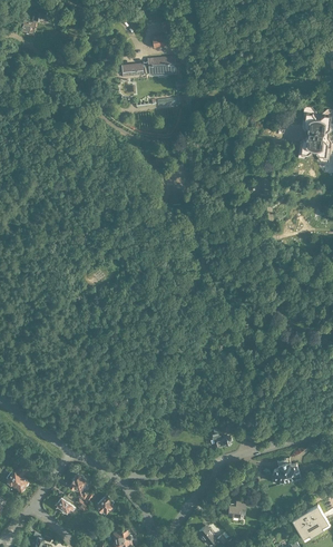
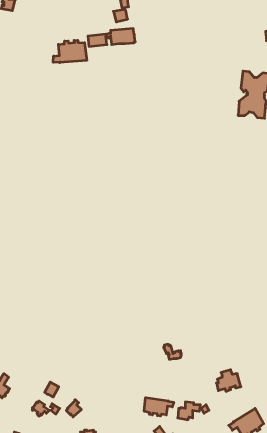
building: none -> [53,40,87,63]
building: none -> [144,398,174,416]

